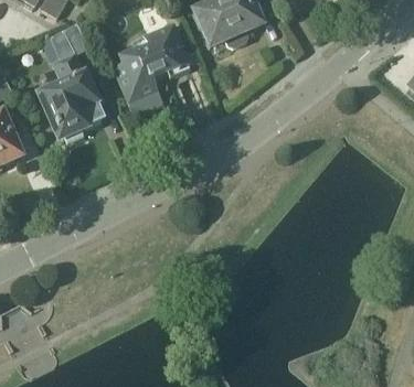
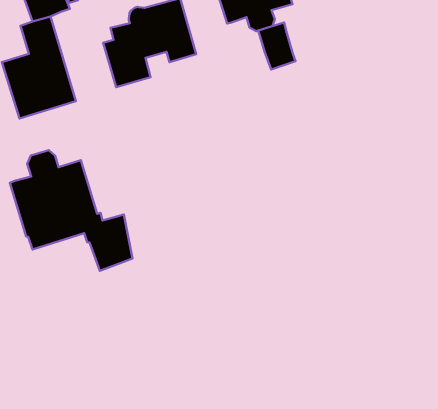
building: none -> [258,23,296,69]
building: none -> [10,150,133,271]

